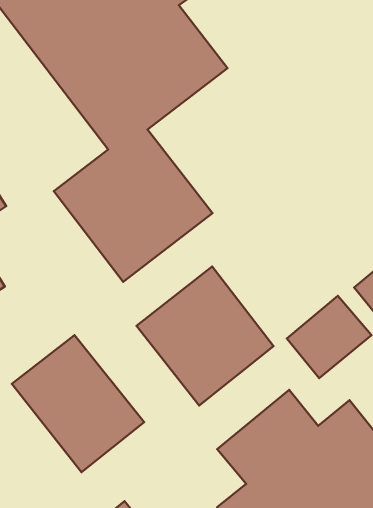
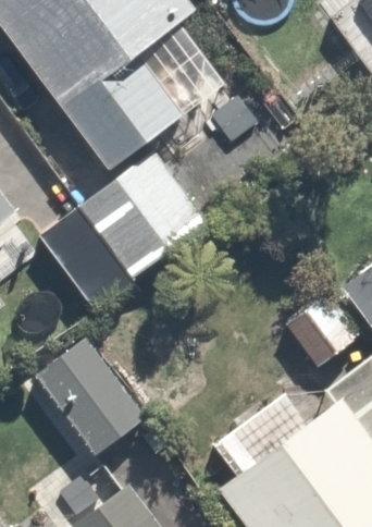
building: [137,267,274,406] -> none

